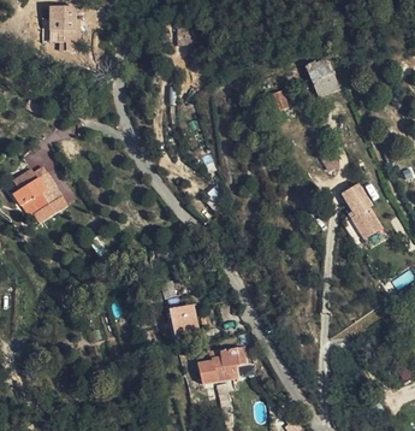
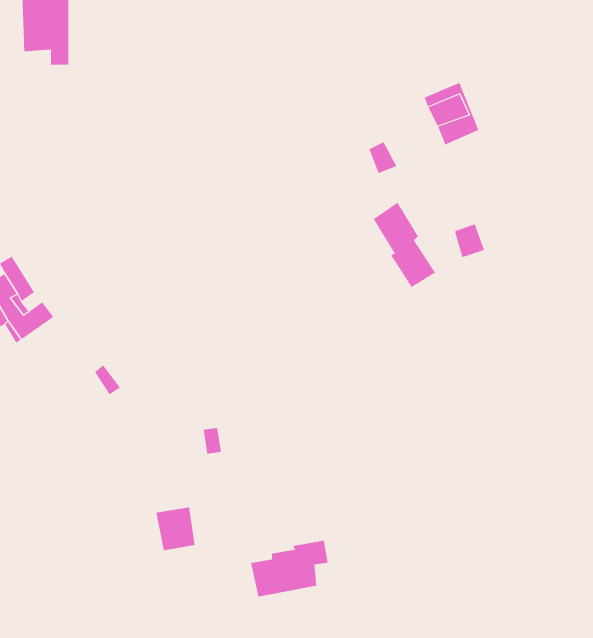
building: [340,185,380,240] -> [373,202,436,288]
building: [173,305,198,332] -> [156,507,196,551]

